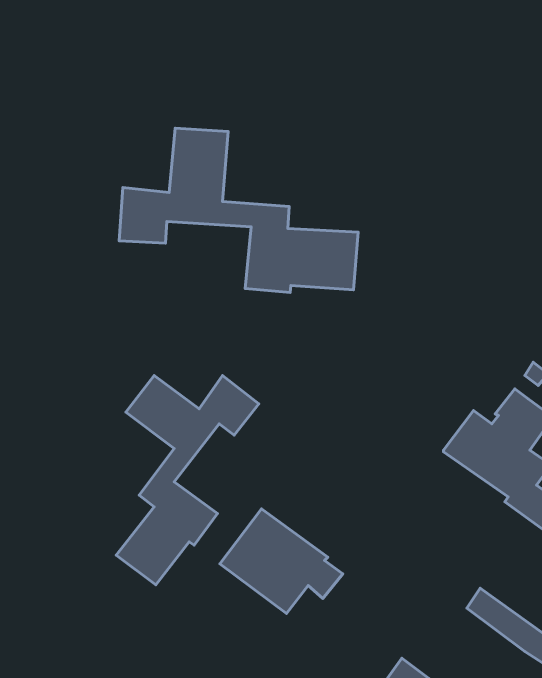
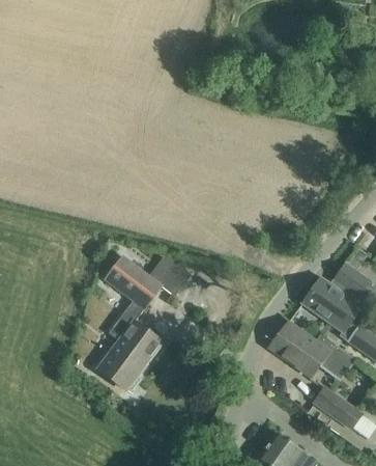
building: [119,128,358,292] -> none
building: [220,509,343,614] -> [268,313,345,379]

